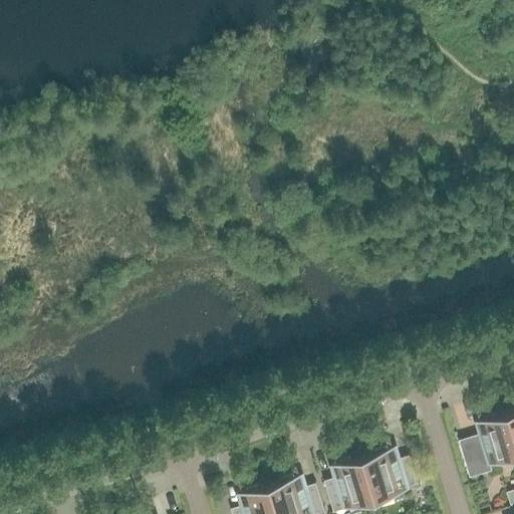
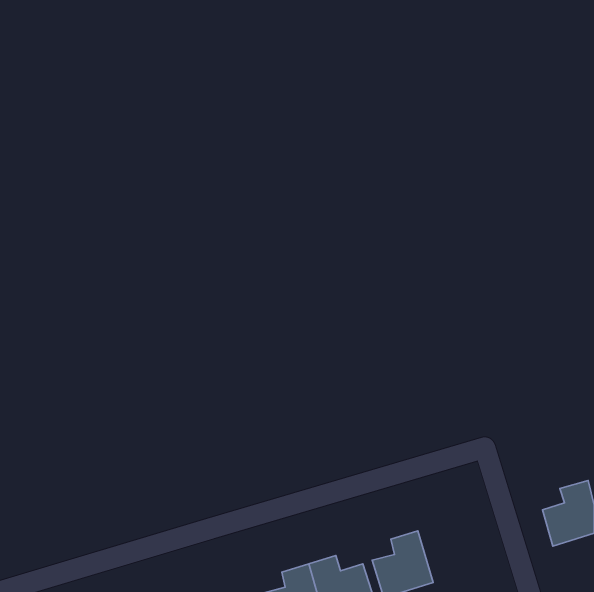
building: [357,454,414,505] -> none

